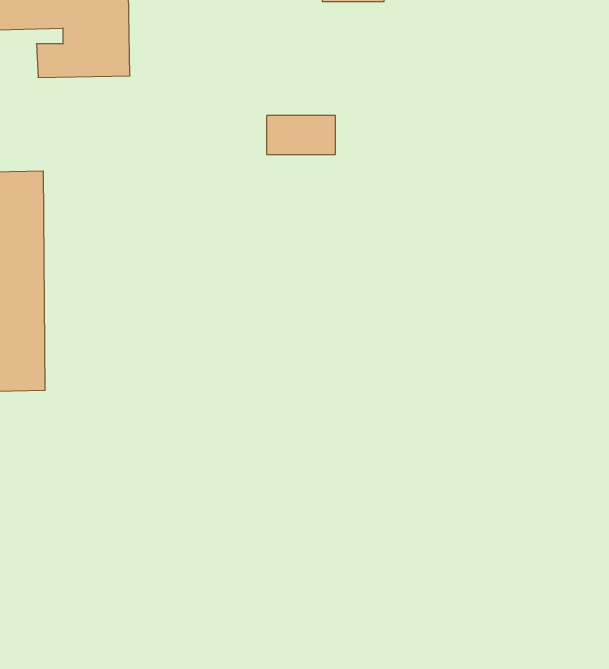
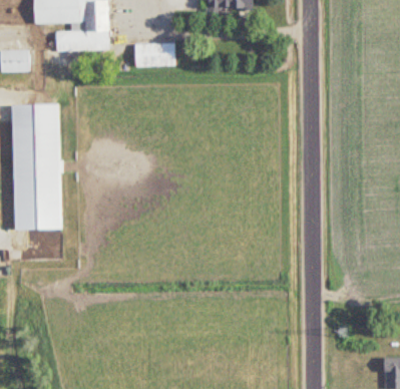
building: [267,116,335,154] -> [135,44,174,66]

